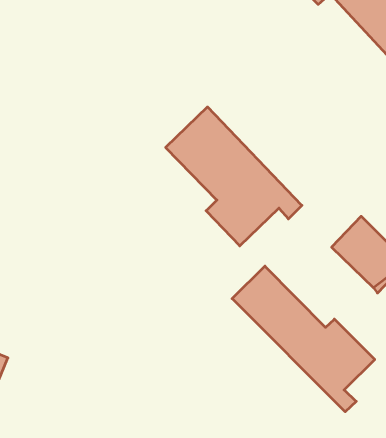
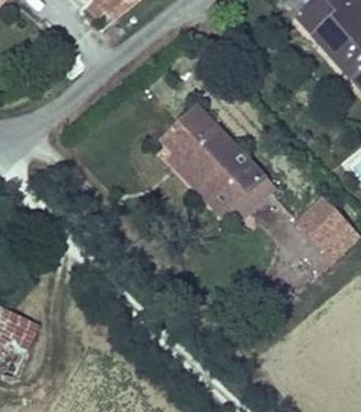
building: [232,266,375,412] -> none

